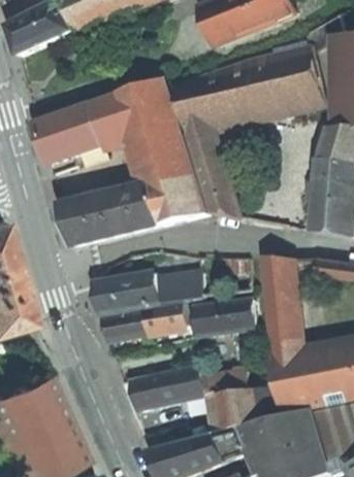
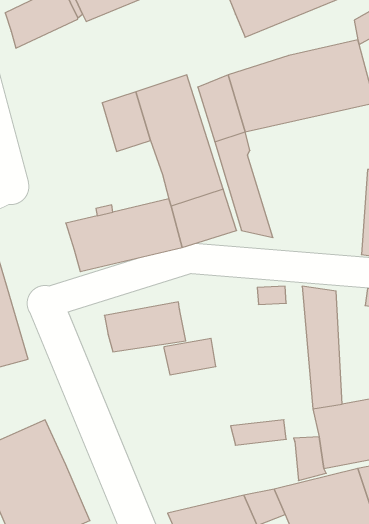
building: [35,102,103,163] -> none
building: [157,271,203,304] -> none
building: [192,300,255,336] -> none
building: [101,310,149,340] -> none
building: [128,366,202,410] -> none
building: [217,389,258,431] -> none

